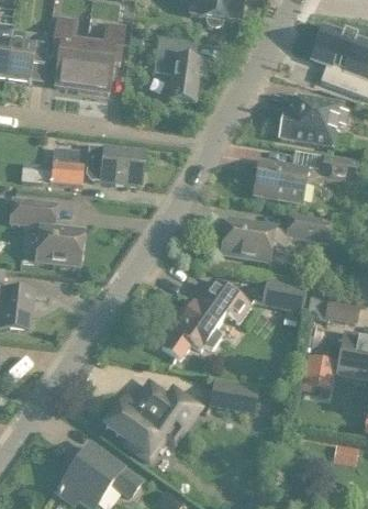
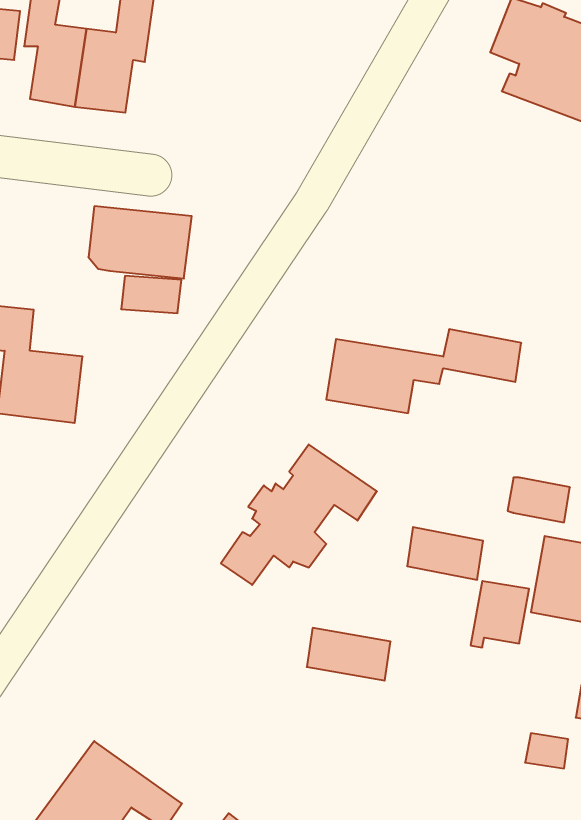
building: [153,38,209,101] -> none
building: [278,95,347,147] -> none
building: [254,157,356,202] -> none
building: [49,165,83,186] -> [121,276,181,313]
building: [263,280,305,310] -> [407,527,483,580]
building: [105,373,196,450] -> none

